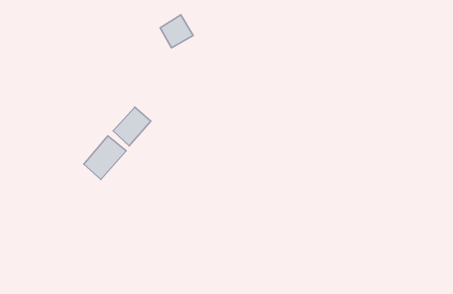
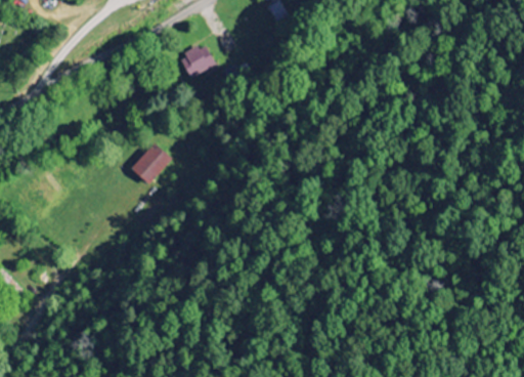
building: [84,136,126,179] -> none

